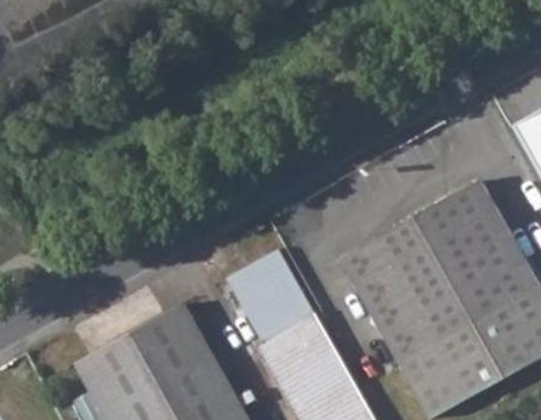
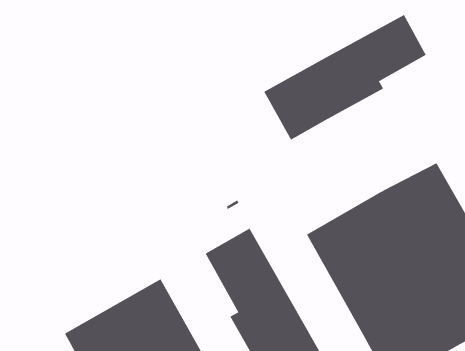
building: none -> [263,14,426,140]

